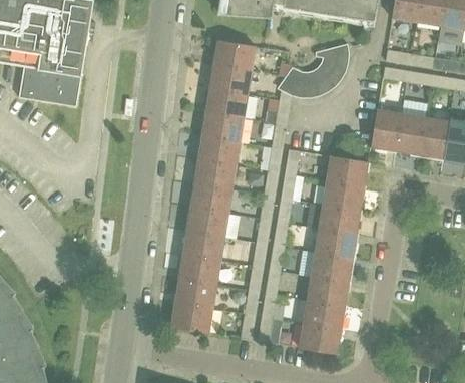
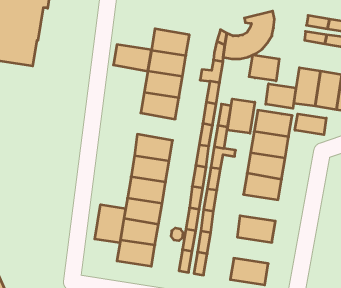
building: [213,41,257,71] -> [113,45,151,71]
building: none -> [249,55,279,81]
building: none -> [266,84,296,108]
building: none -> [227,99,255,133]
building: [193,159,237,190] -> none
building: none -> [295,114,326,135]
building: [310,252,353,282] -> none
building: none -> [95,205,126,243]
building: [303,300,346,330] -> none

